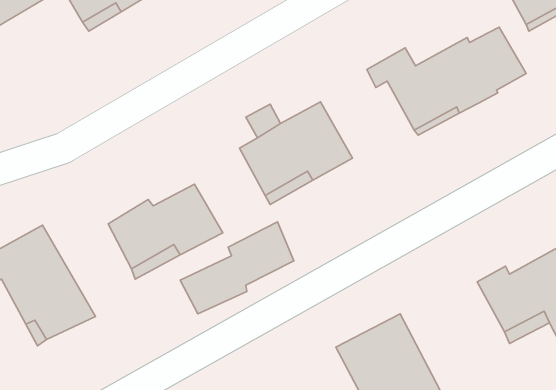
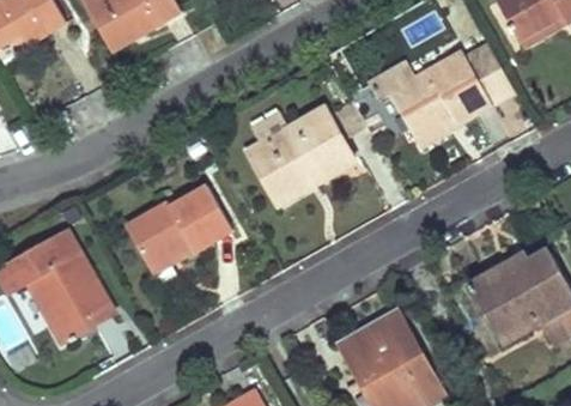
building: [180,222,294,314] -> none

